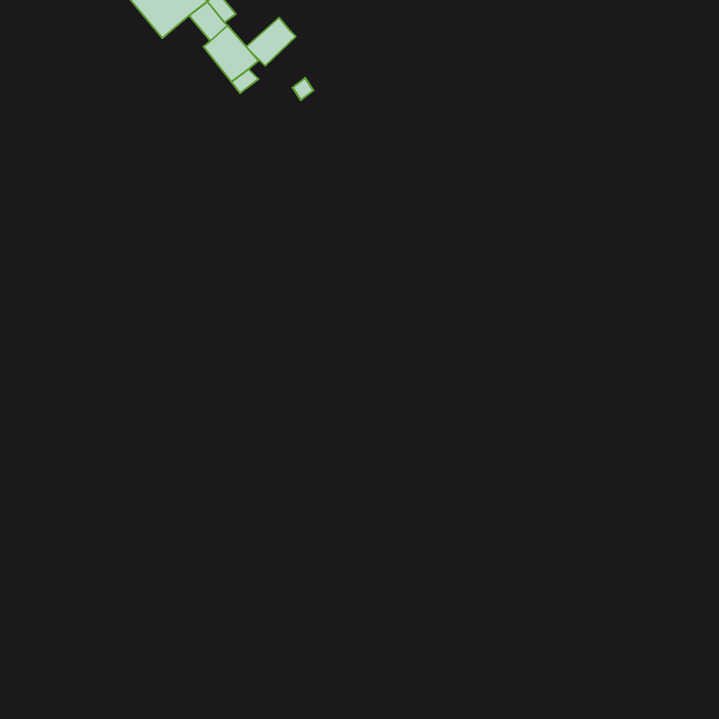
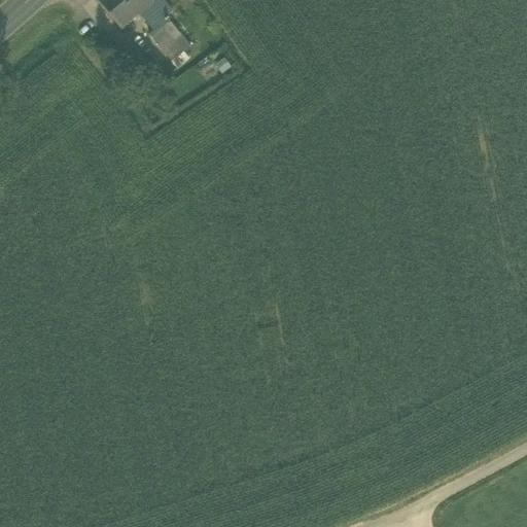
building: [246,18,296,66] -> none

